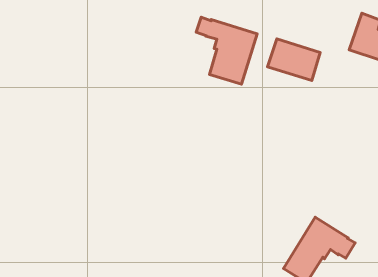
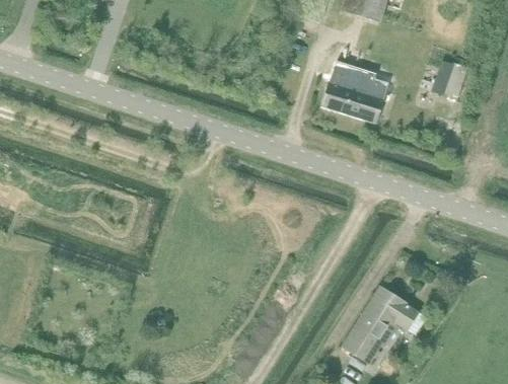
building: [196,17,257,84] -> none

